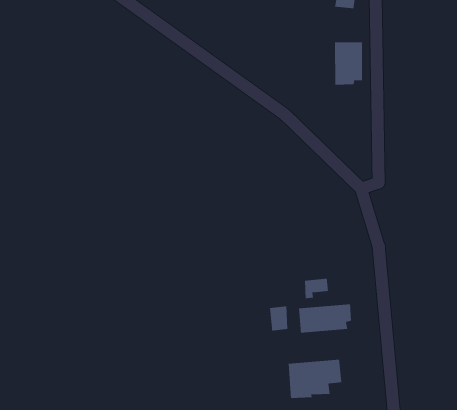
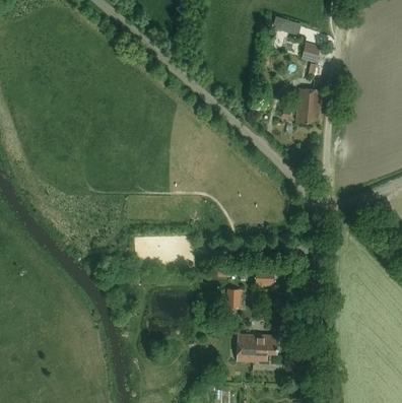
building: [298,304,351,333] -> none

